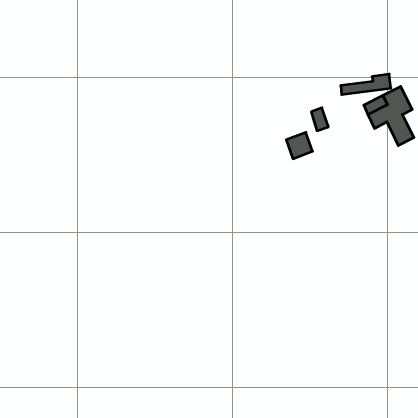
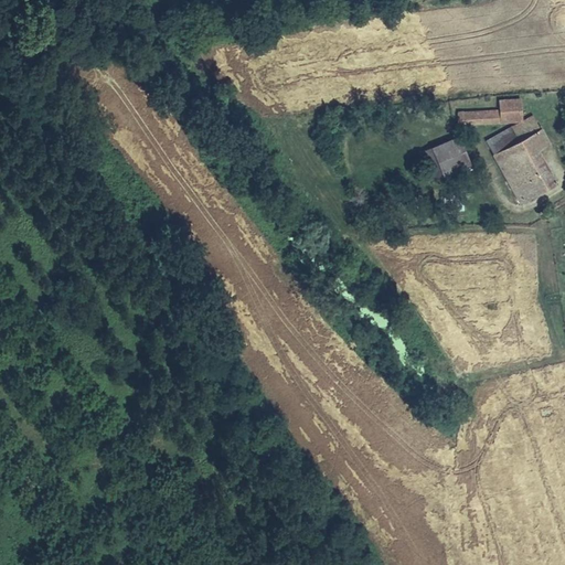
building: none -> [503,163,535,203]
building: [286,132,313,159] -> [433,135,468,170]

